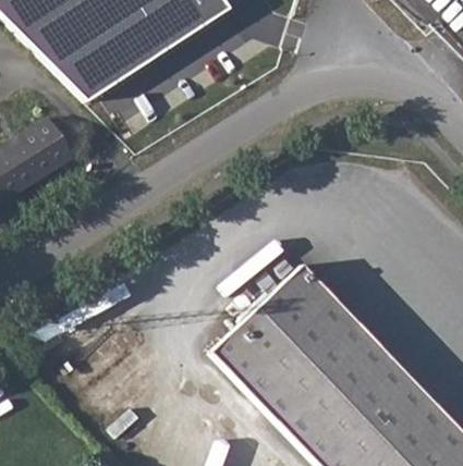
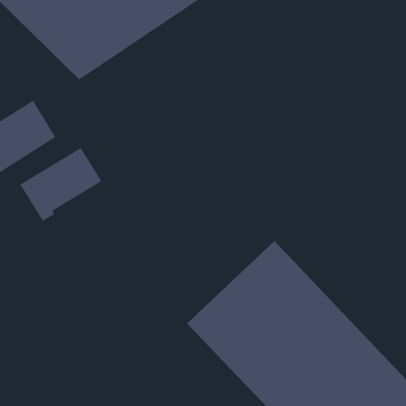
building: none -> [20,147,102,222]

